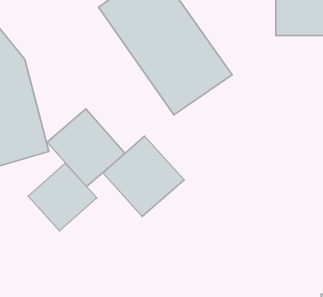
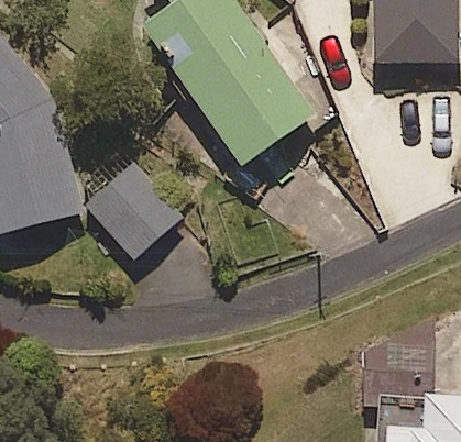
building: [103,136,184,217] -> none
building: [28,163,97,231] -> none

